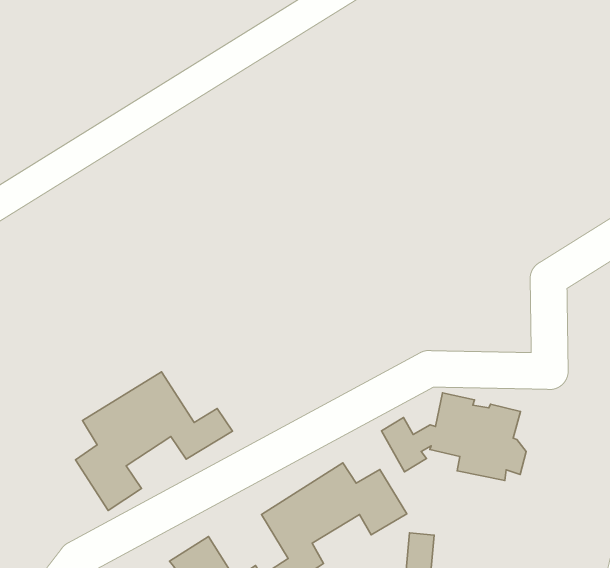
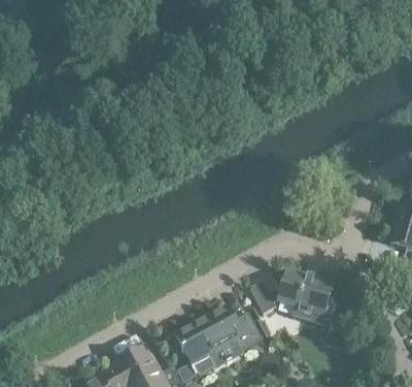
building: [76,372,233,510] -> none

